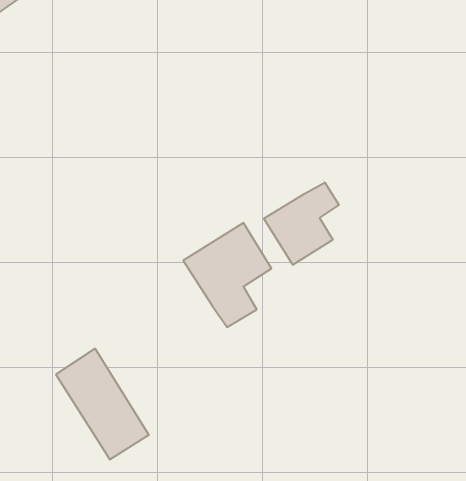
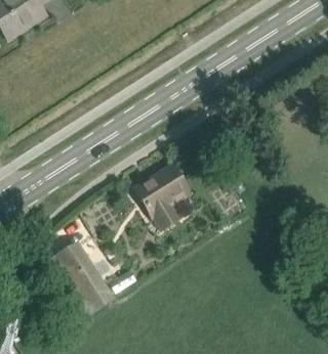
building: [264,182,339,265] -> none

